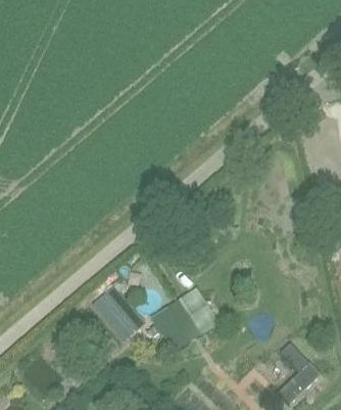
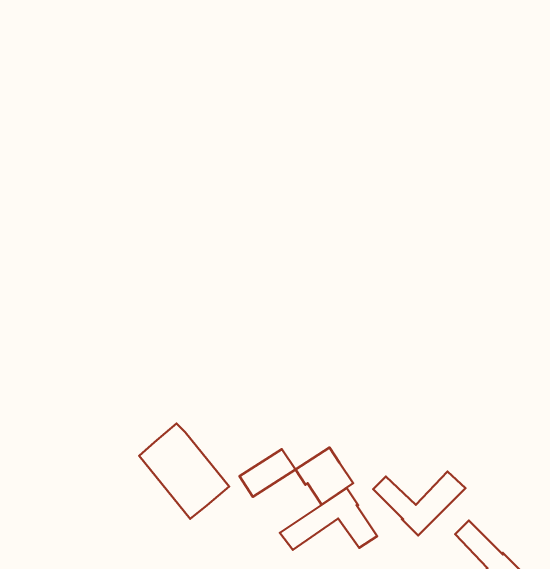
building: none -> [373,472,466,536]
building: none -> [280,488,377,550]

